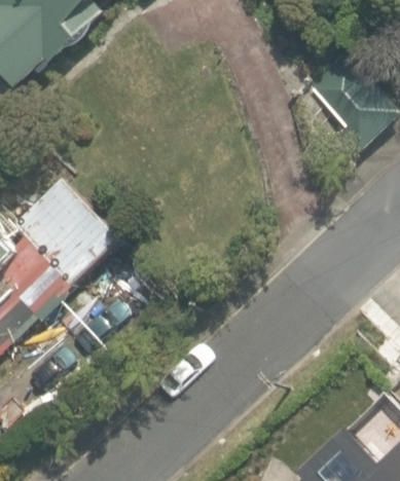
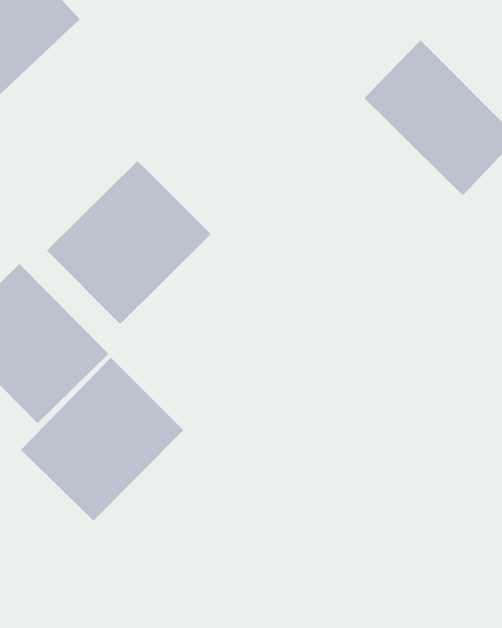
building: none -> [46,160,212,325]

